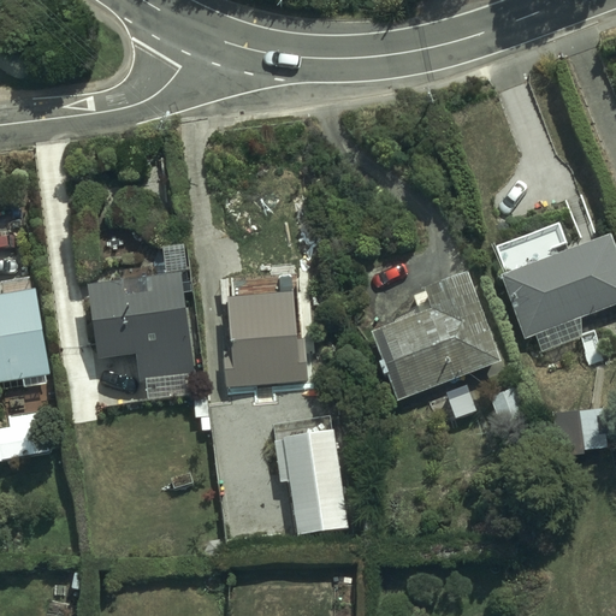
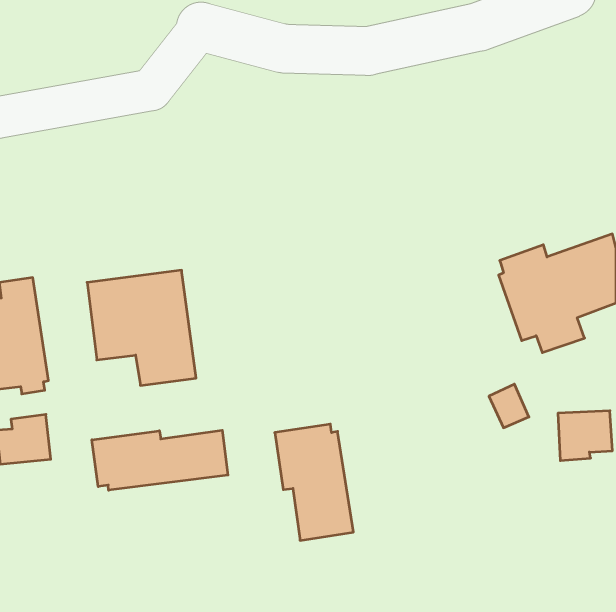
building: [371,271,500,401] -> none
building: [223,273,308,389] -> none
building: none -> [92,430,228,490]

